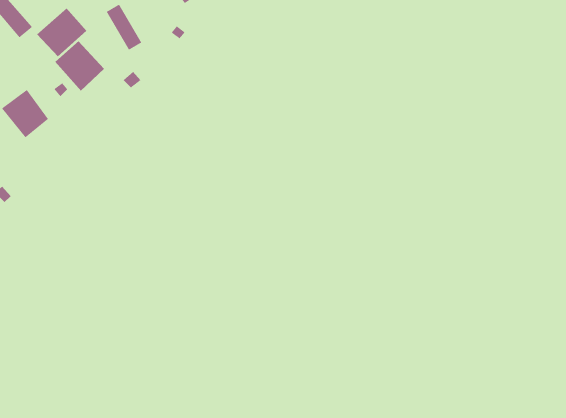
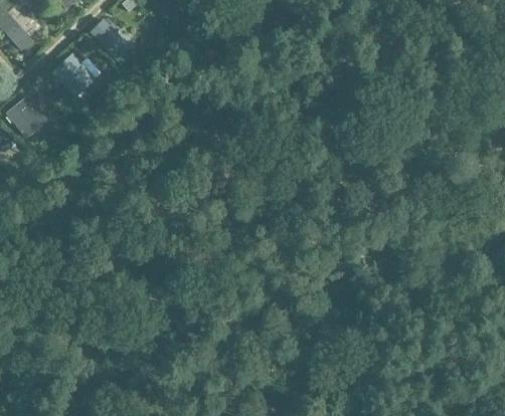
building: [36,8,87,57] -> none

